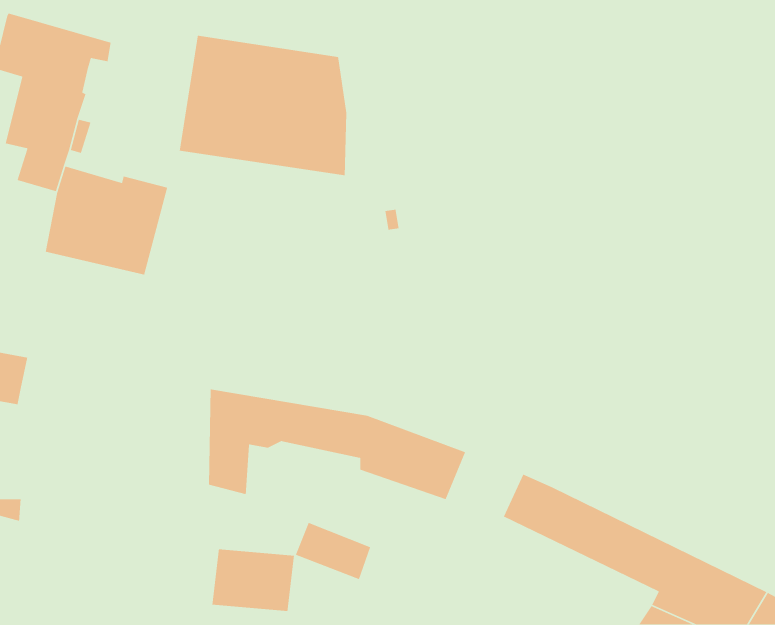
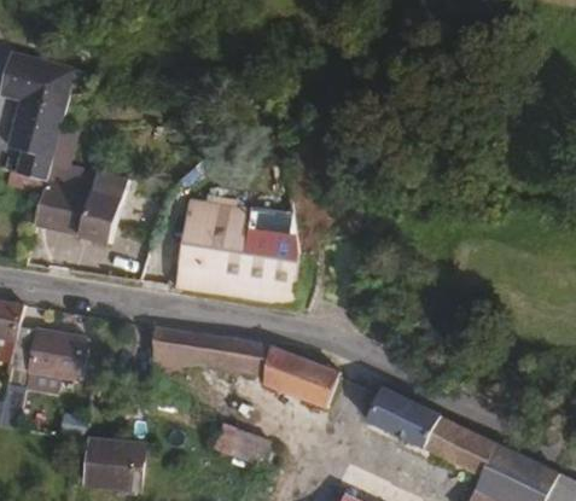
building: [179,35,347,176] -> [176,204,298,307]
building: none -> [8,326,81,379]
building: [211,548,295,612] -> [87,439,147,485]

